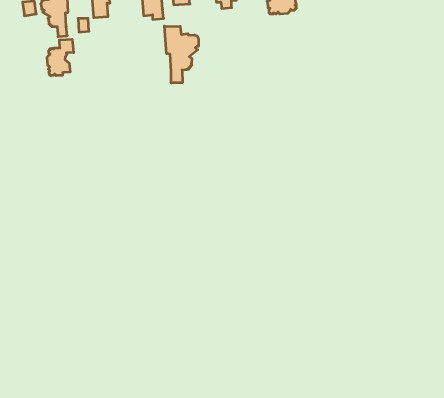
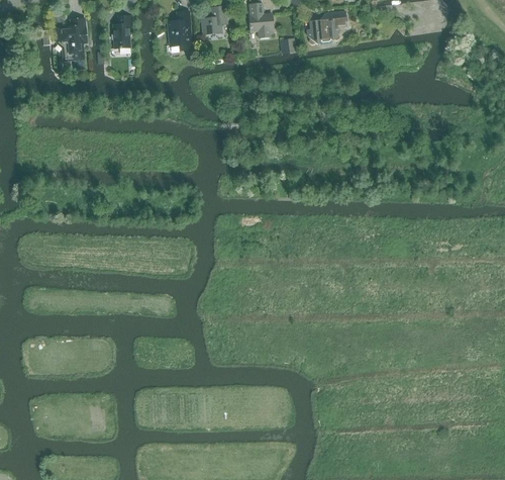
building: [164,26,199,83] -> none
building: [47,39,74,76] -> none

